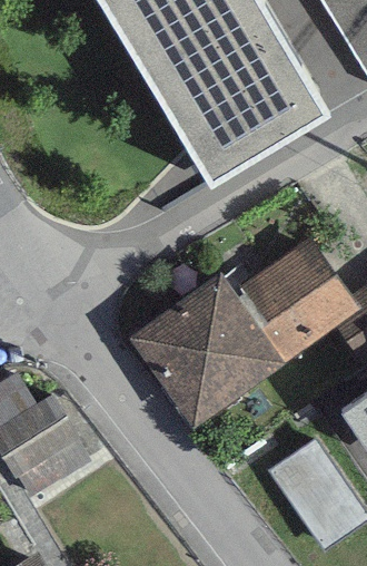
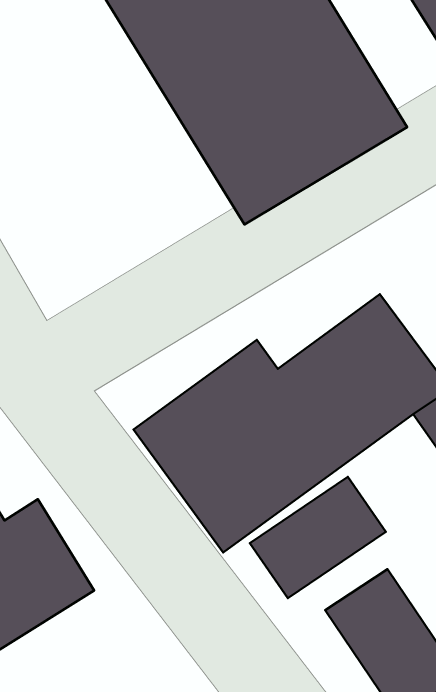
building: none -> [250,477,386,598]

